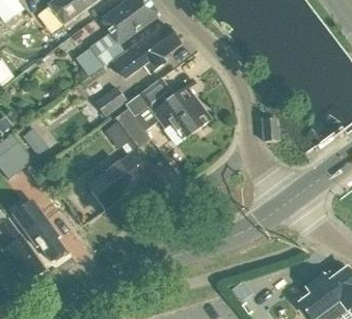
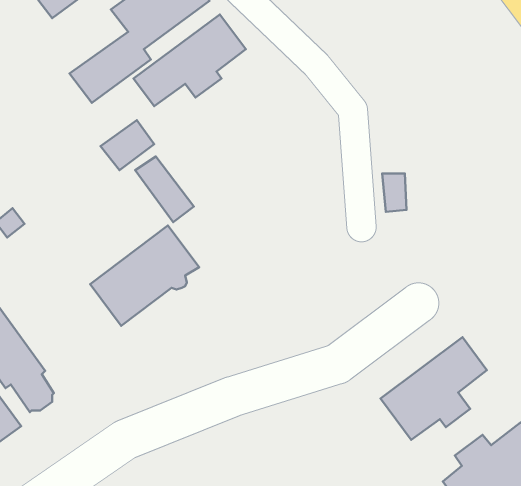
building: [126,77,213,140] -> none
building: none -> [381,337,487,440]

